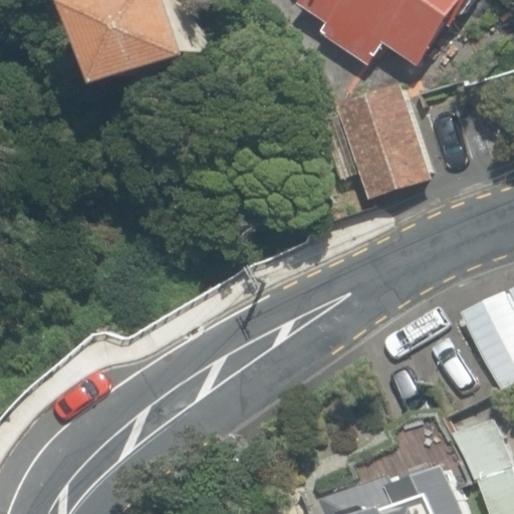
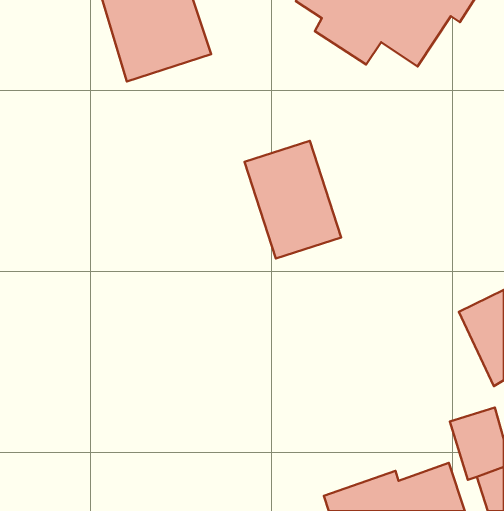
building: [335,82,432,200] -> [245,141,341,259]

